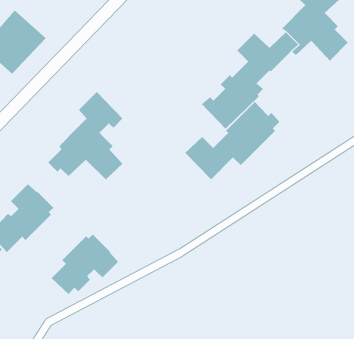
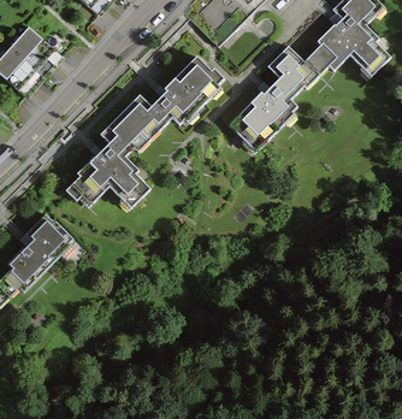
building: [185,101,280,180] -> [116,58,220,144]
building: [51,234,119,295] -> none

